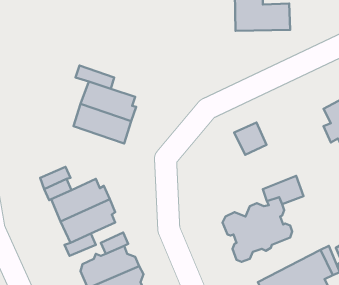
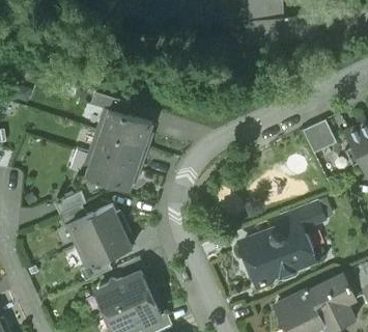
building: [234,123,266,155] -> [303,118,336,151]
building: none -> [81,149,141,189]

